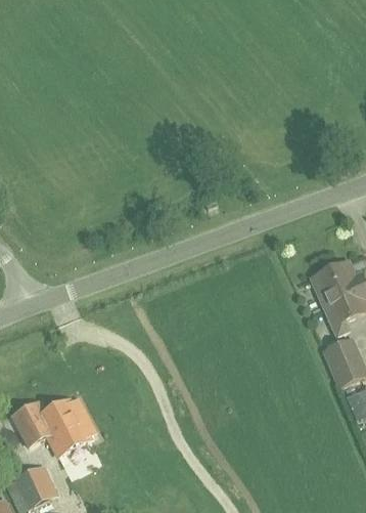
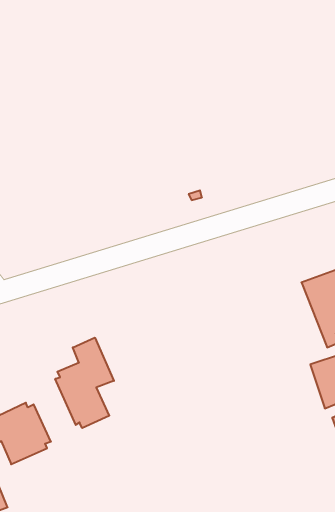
building: none -> [55,338,114,428]

